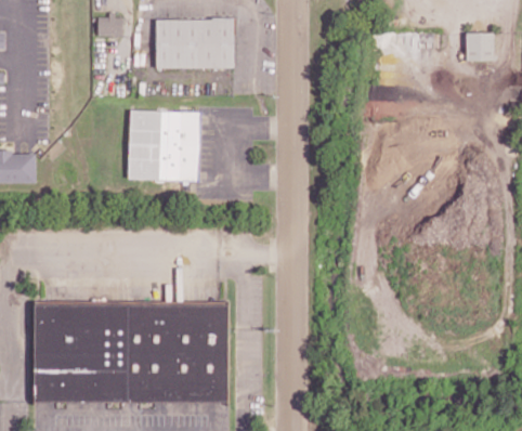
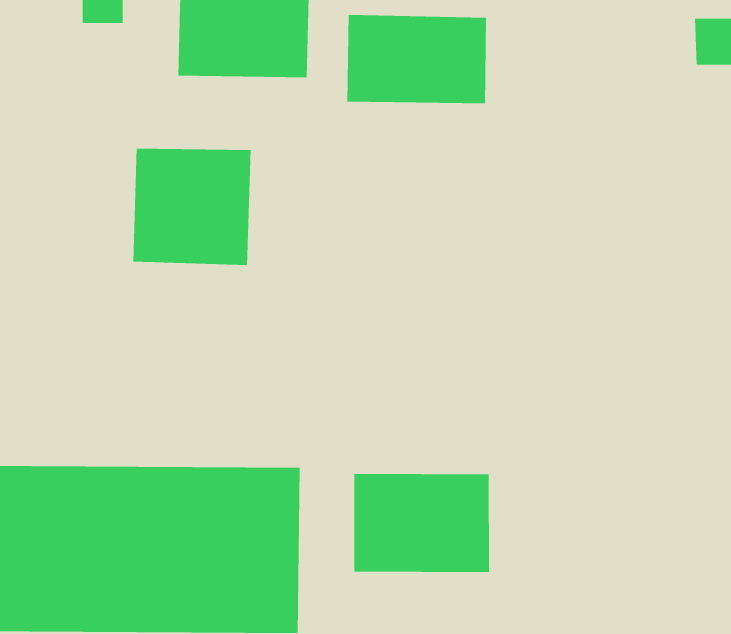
building: none -> [347,14,487,104]
building: none -> [354,473,489,573]

